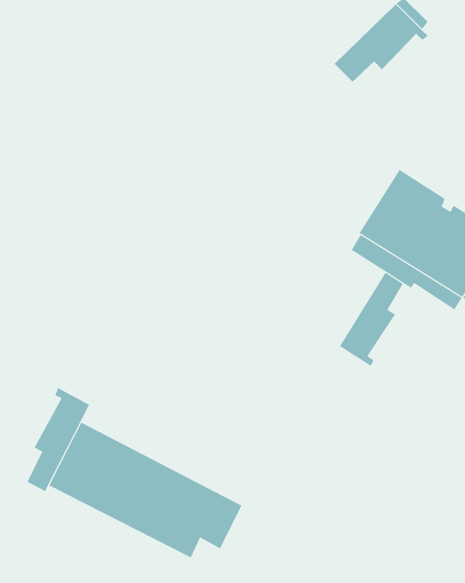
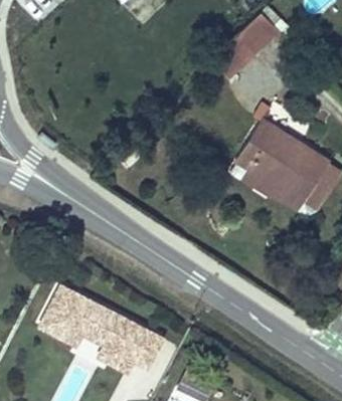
building: [339,272,404,367] -> none
building: [27,387,90,492] -> none

